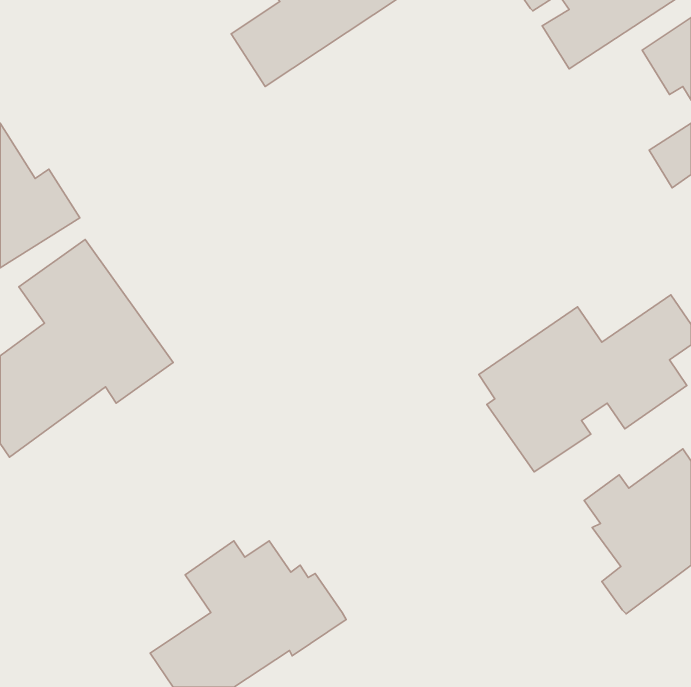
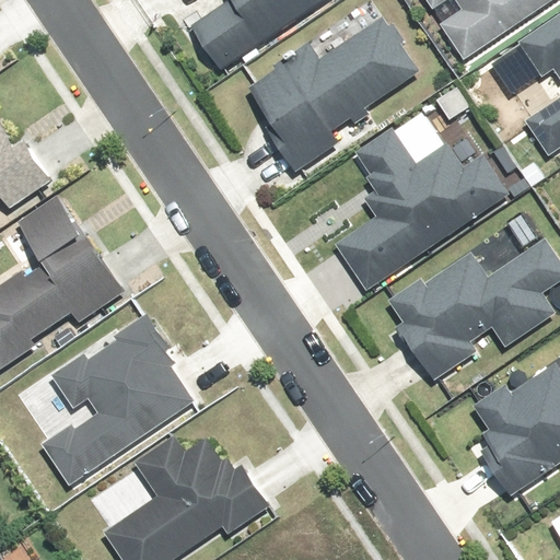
building: none -> [243,16,418,172]
building: none -> [336,129,503,287]
building: none -> [57,313,203,481]

